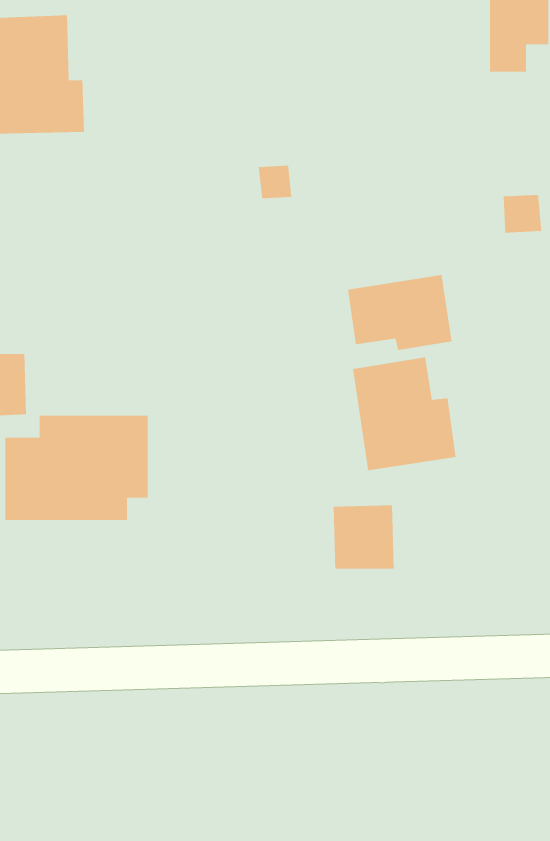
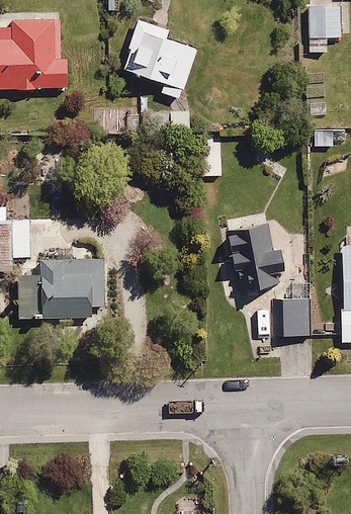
building: none -> [123,20,194,97]
building: [347,274,453,351] -> none
building: [333,505,395,570] -> [273,296,310,335]

